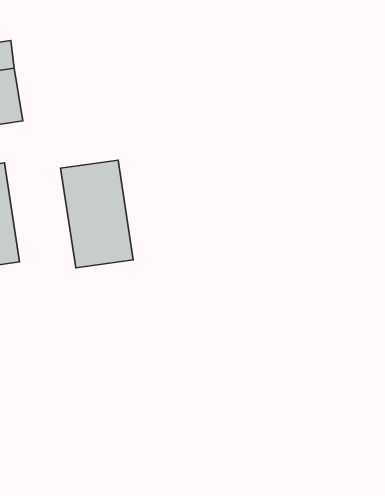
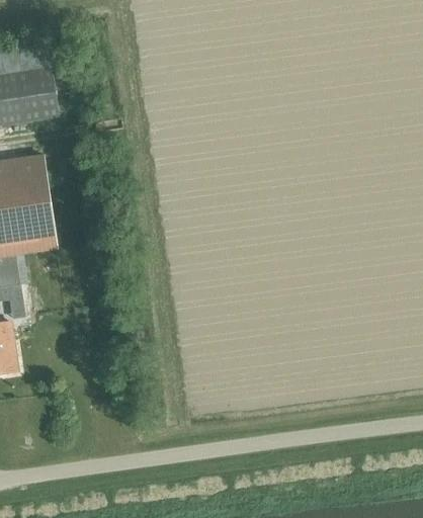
building: [61,160,133,268] -> none

